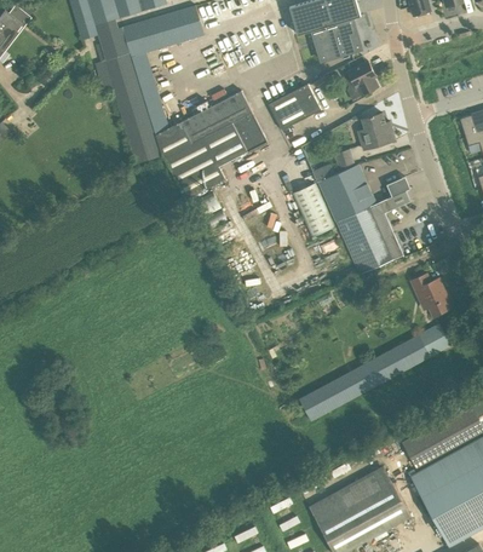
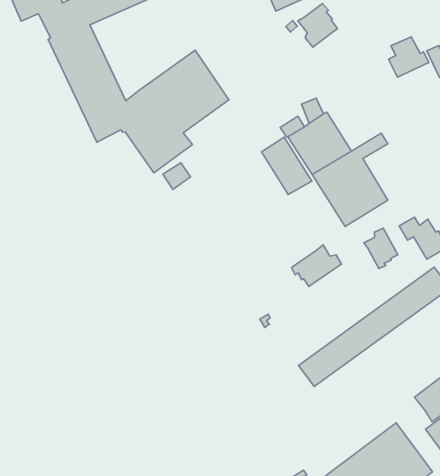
building: [269,82,321,128] -> none
building: [357,113,395,149] -> [389,37,429,77]
building: none -> [364,228,398,268]
building: none -> [292,245,341,286]

